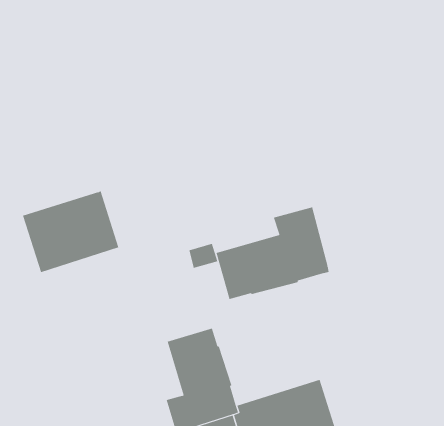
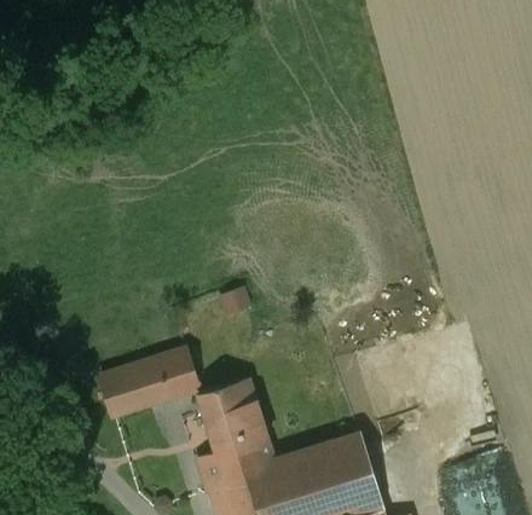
building: [22,190,119,273] -> [94,330,197,417]
building: [216,207,329,300] -> none

